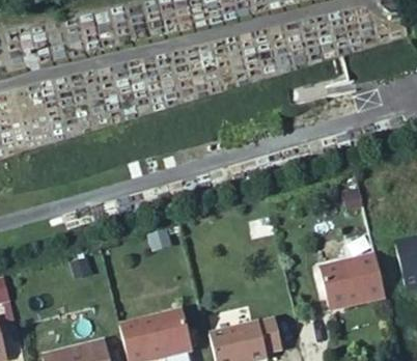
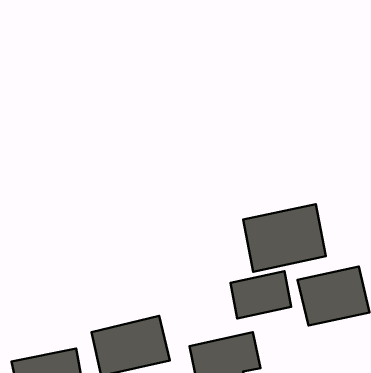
building: none -> [243,204,326,272]
building: none -> [230,271,291,319]

